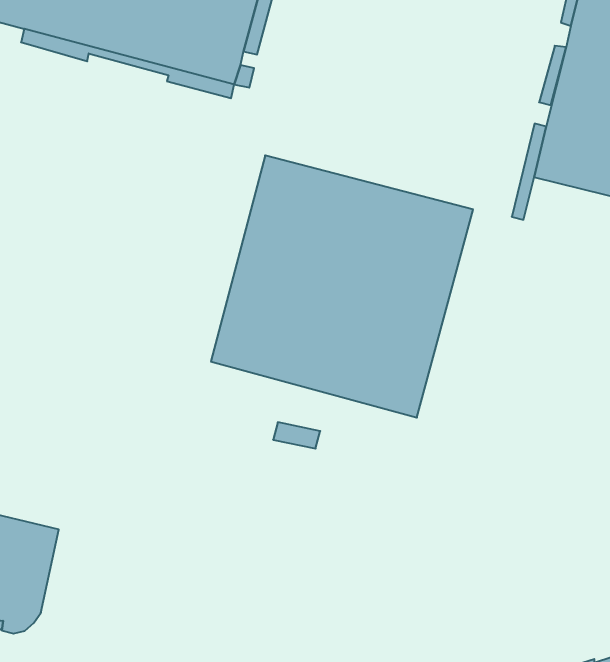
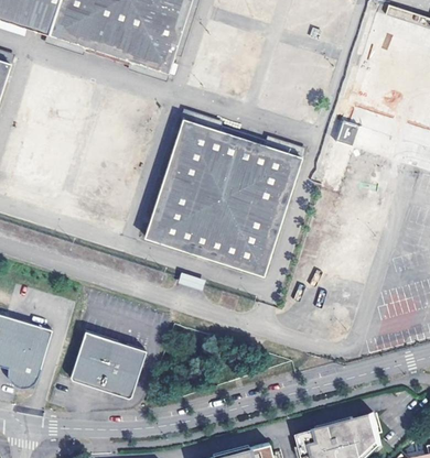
building: none -> [69,330,144,396]

